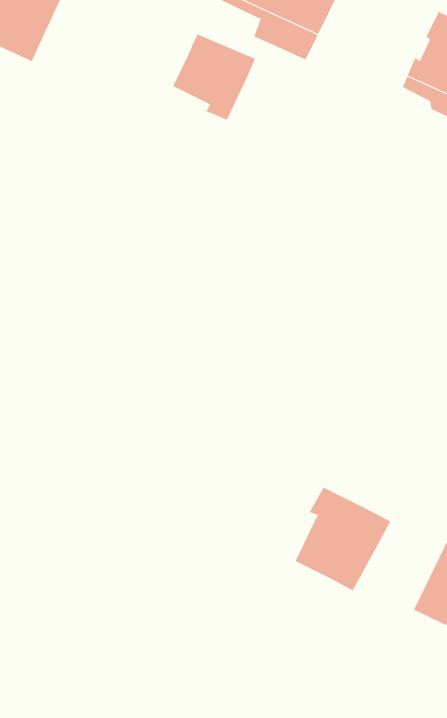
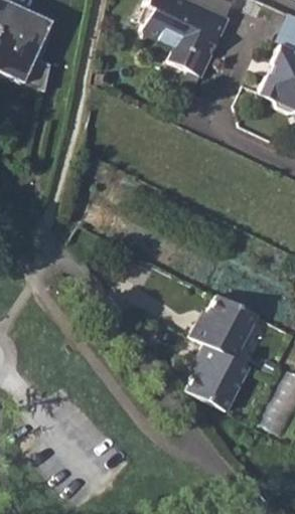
building: [173,33,256,120] -> none
building: none -> [193,297,261,361]

